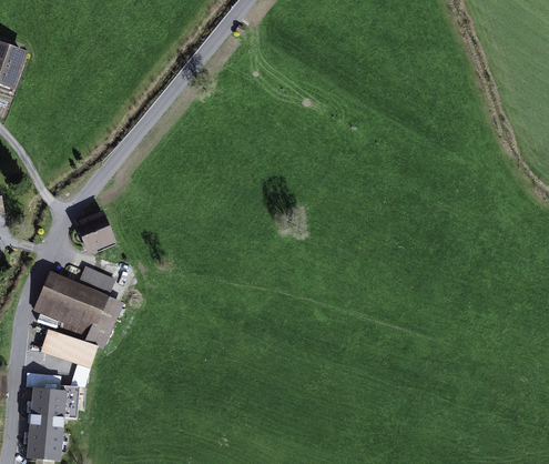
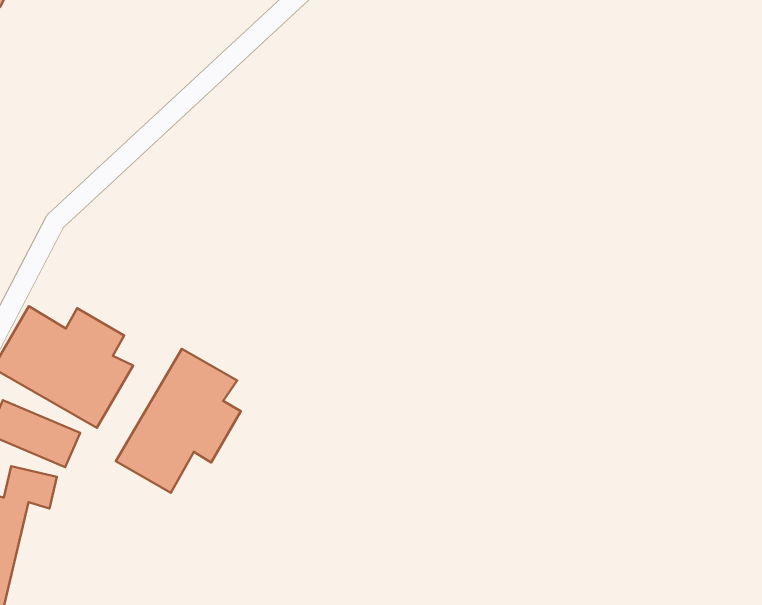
building: [73,212,113,251] -> none
building: none -> [116,349,241,493]

